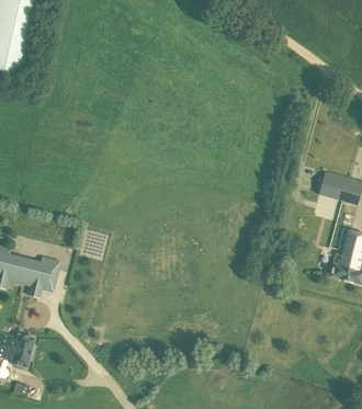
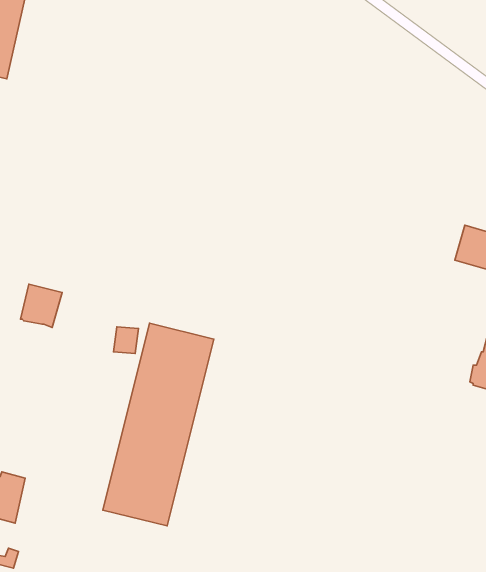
building: none -> [103,323,214,526]
building: [27,262,55,291] -> [21,284,62,328]

